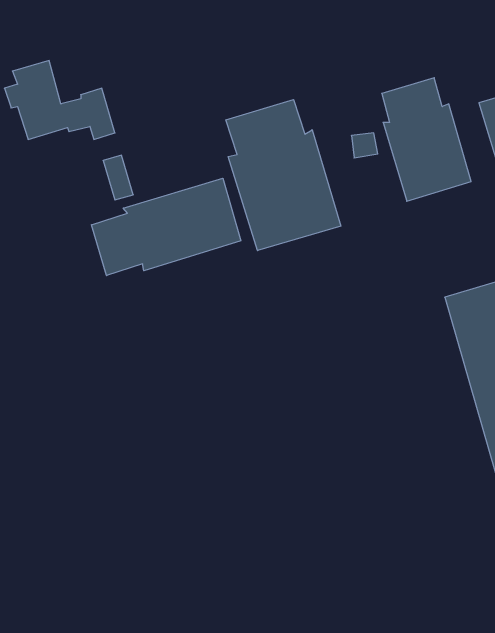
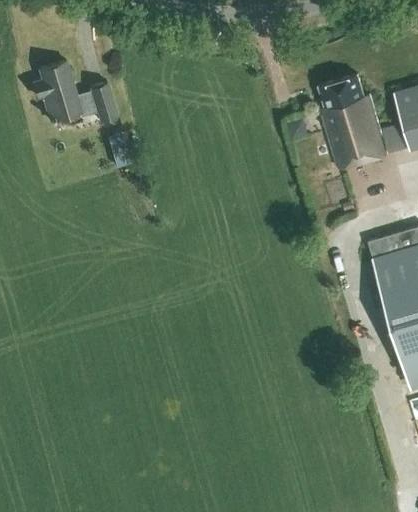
building: [226,100,341,251] -> none
building: [91,178,241,276] -> none

